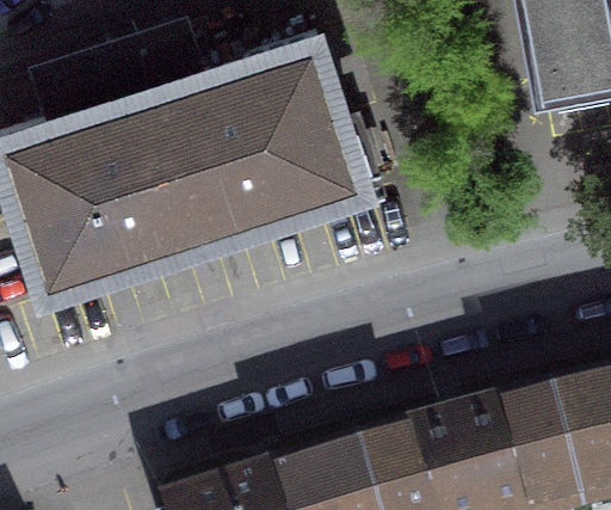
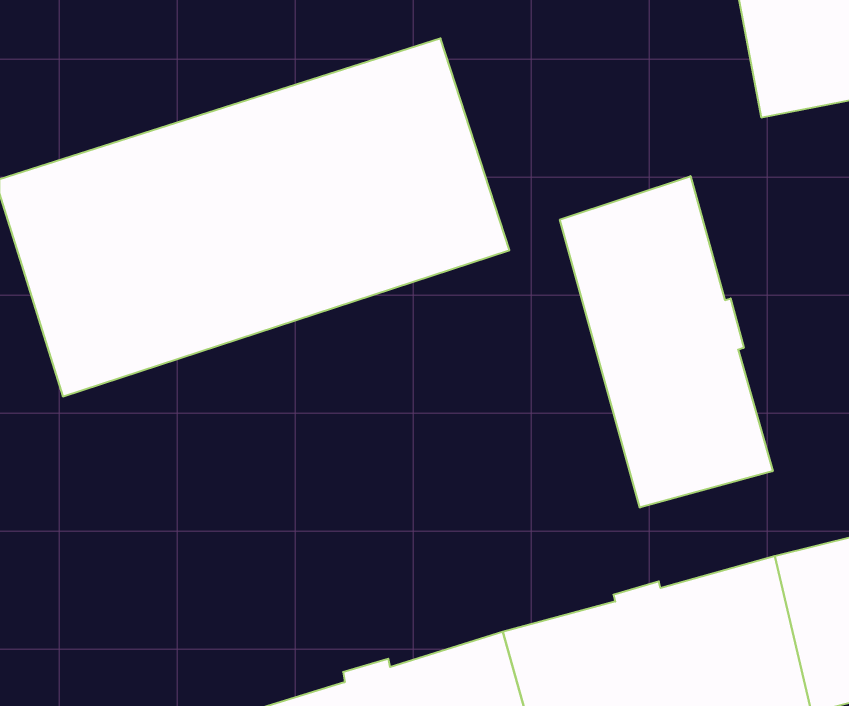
building: none -> [560,176,773,508]

